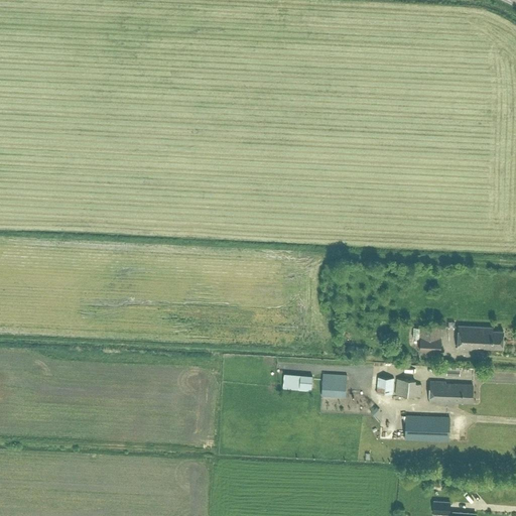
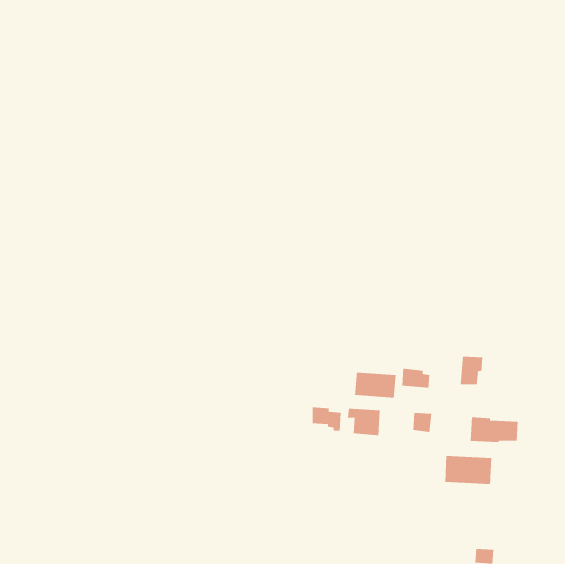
building: [459,327,501,349] -> none
building: none -> [355,372,396,398]
building: [395,379,421,397] -> [401,368,430,388]

